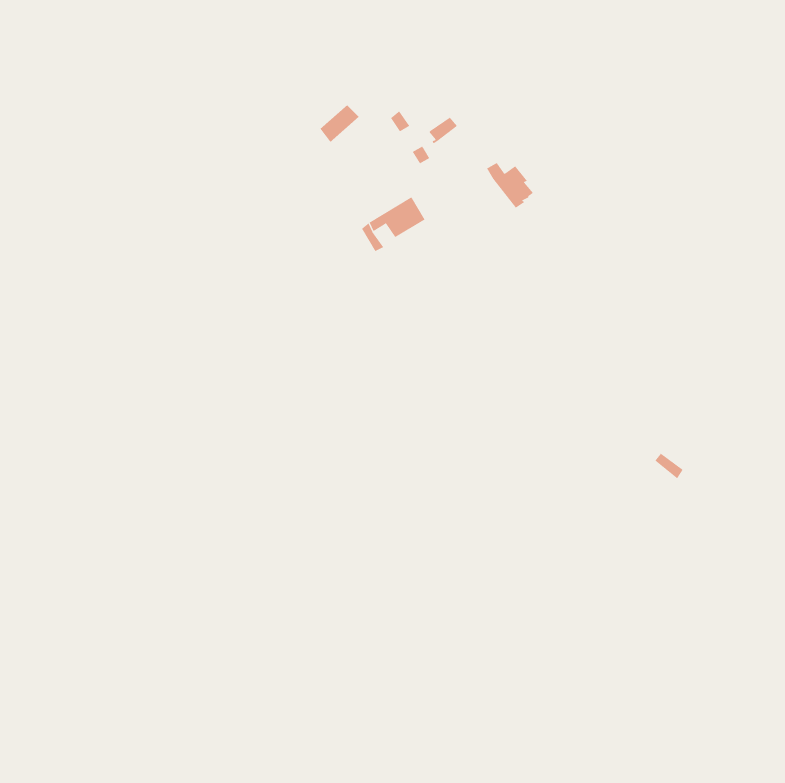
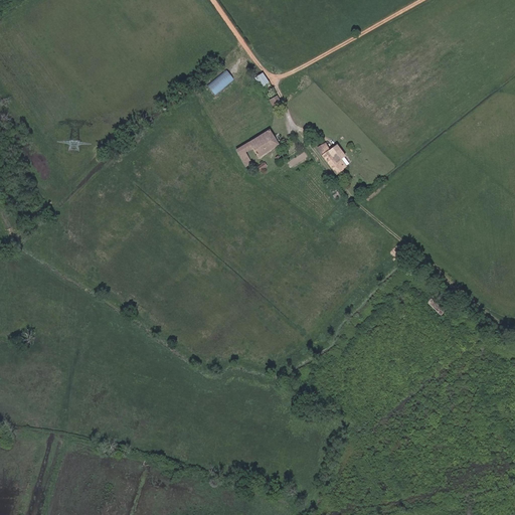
building: [486,162,534,208] -> [318,143,349,173]

